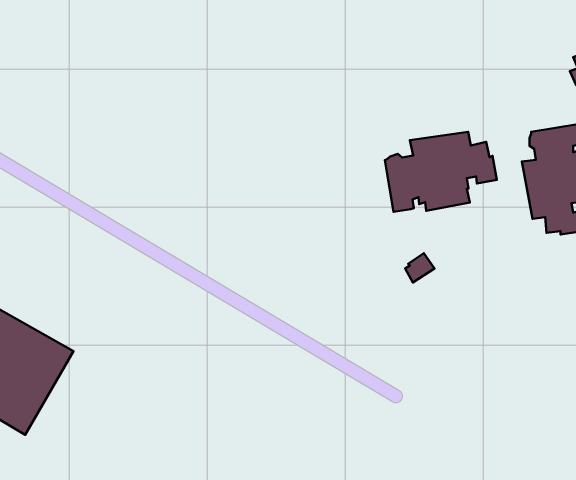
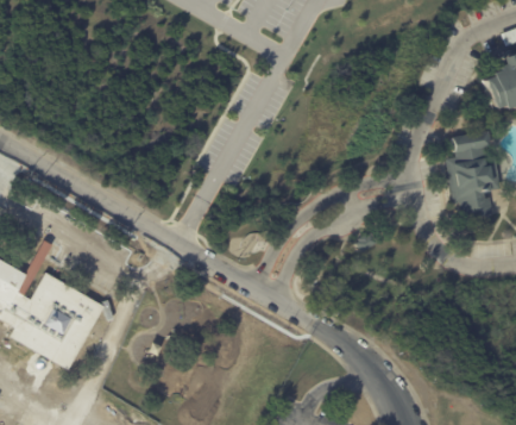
building: [385,132,497,212] -> none

